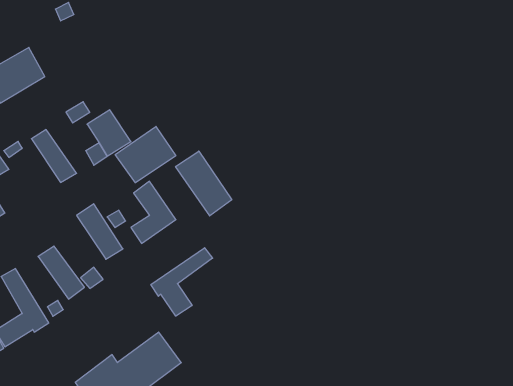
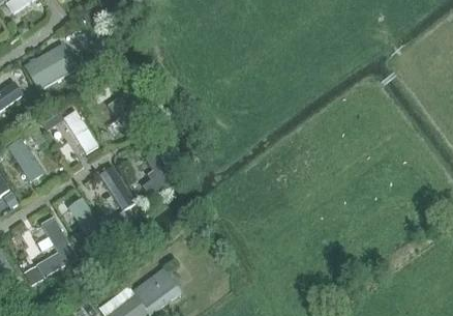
building: [115,126,176,183] -> none
building: [176,151,232,216] -> none
building: [151,248,213,316] -> none

